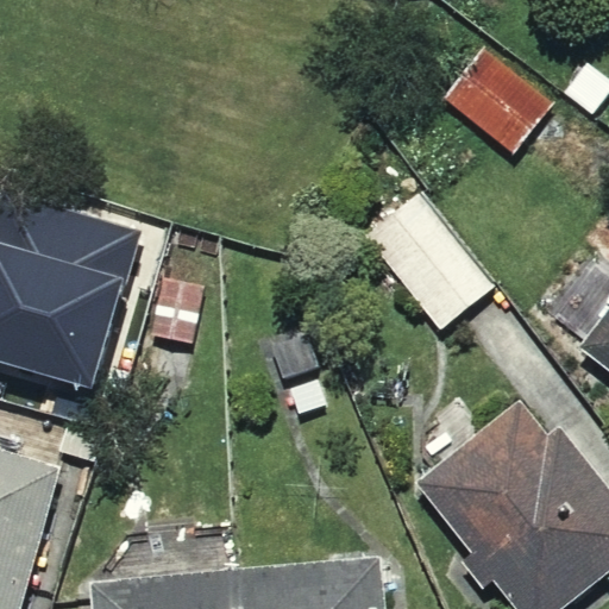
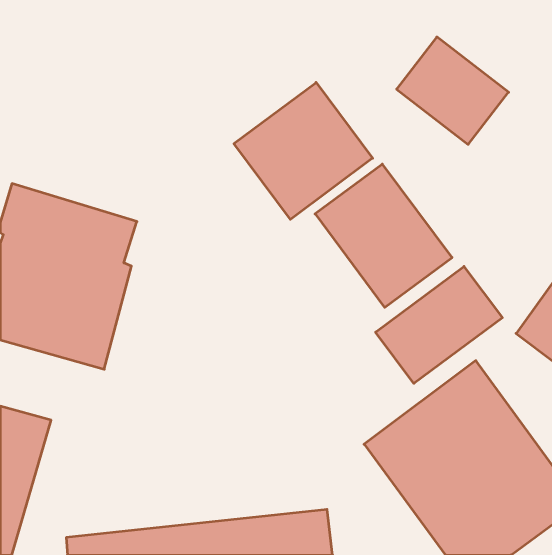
building: none -> [234,82,373,219]
building: none -> [376,266,502,383]

